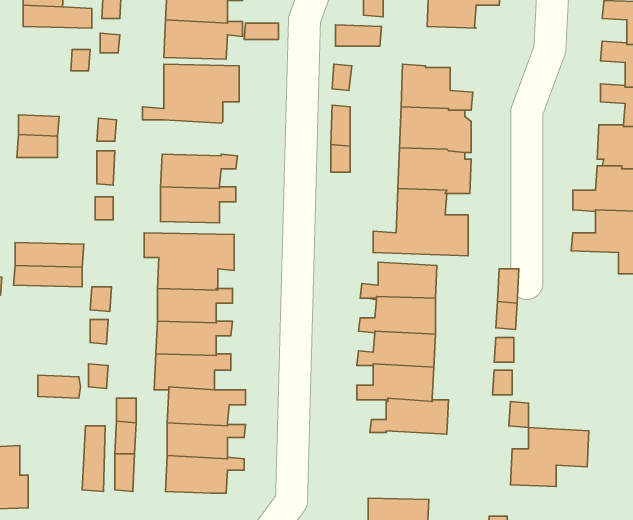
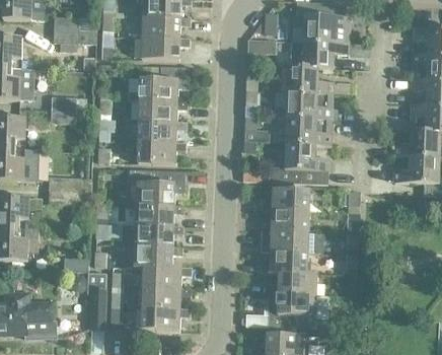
building: none -> [302,42,348,69]
building: none -> [139,99,186,122]
building: [510,428,589,487] -> [267,292,315,329]

